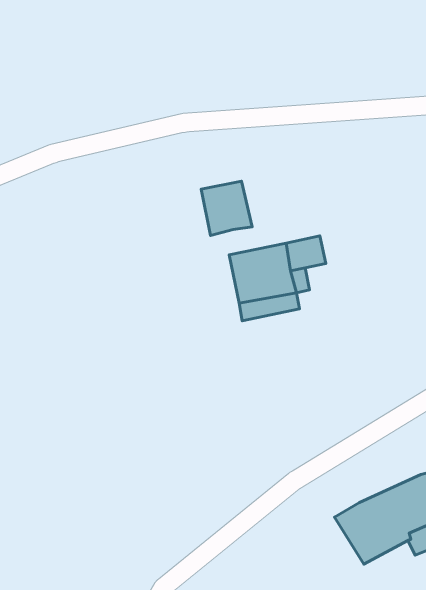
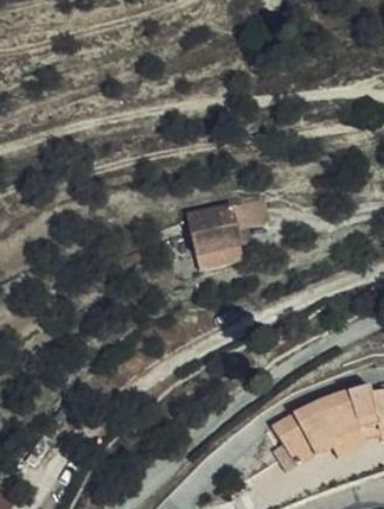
building: [201,181,252,235] -> none

